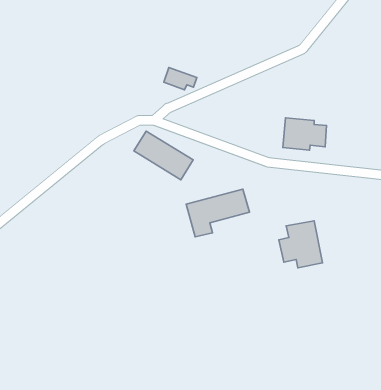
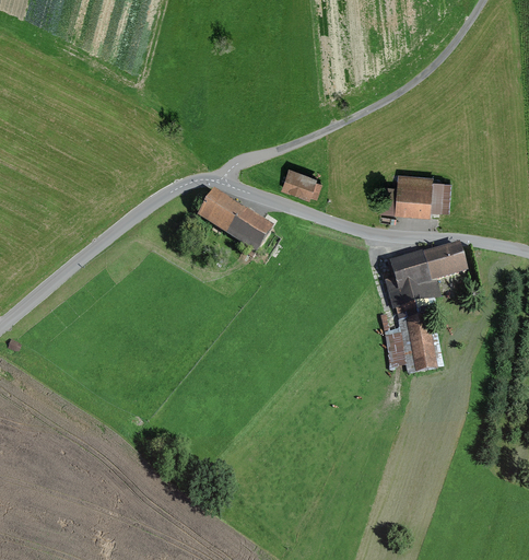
building: [164,67,197,90] -> [282,168,326,198]
building: [186,189,250,237] -> [384,243,468,306]

